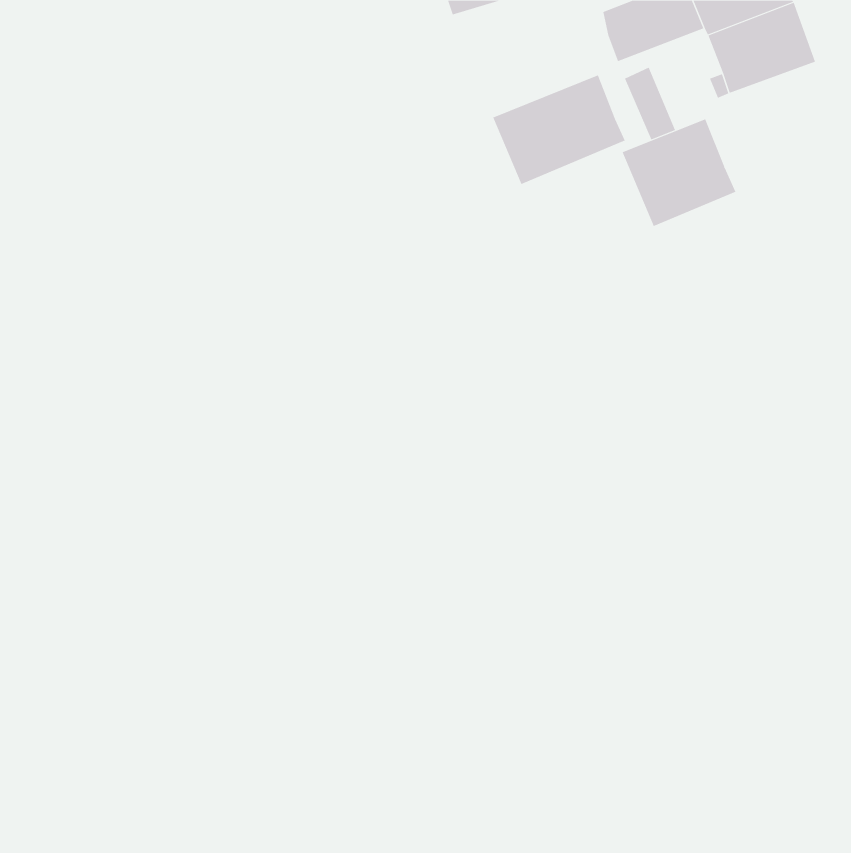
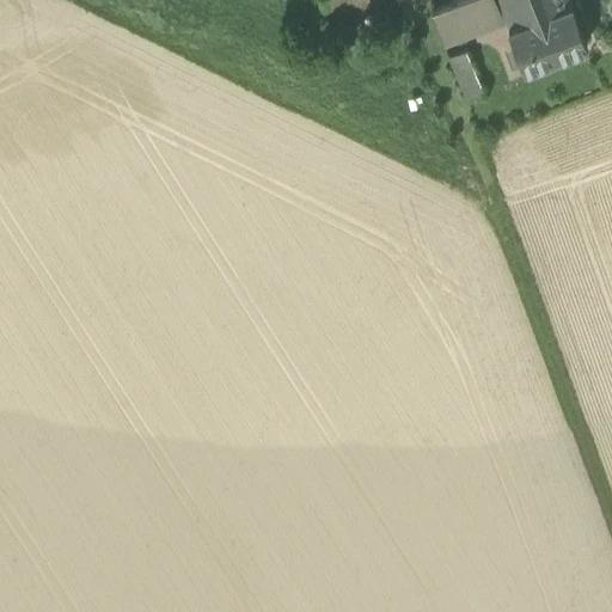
building: [492,75,626,185] -> none
building: [622,119,736,227] -> none

